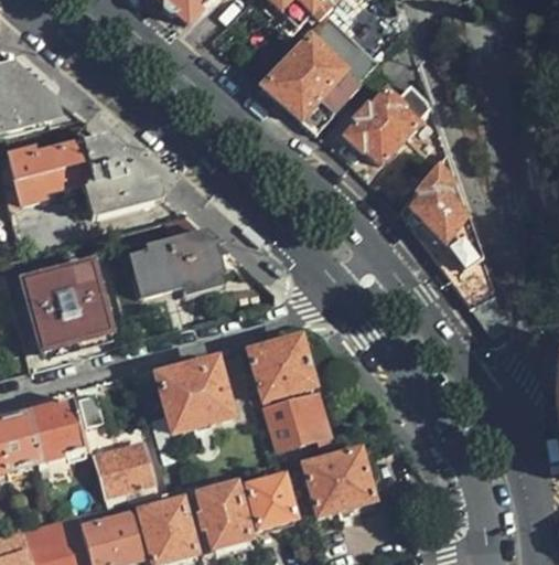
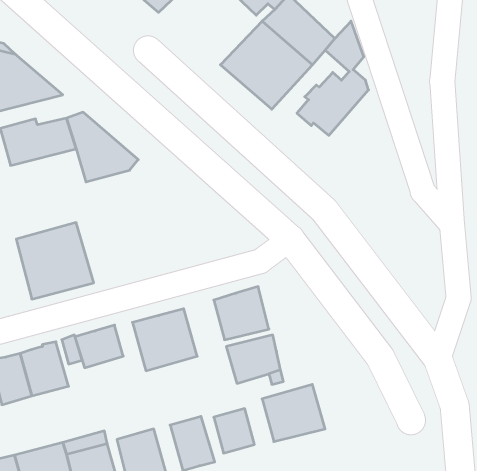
building: [409,152,496,309] -> none
building: [131,230,224,298] -> none
building: [96,443,151,491] -> [75,325,123,368]

